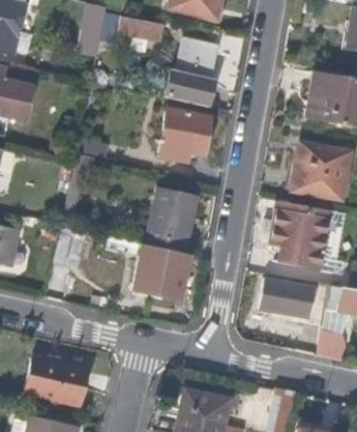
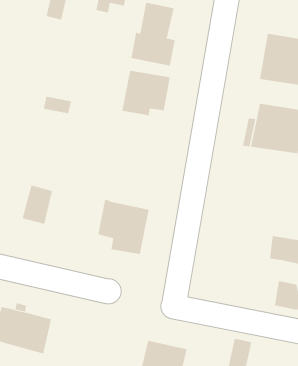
building: [146,189,198,254] -> none
building: [268,199,331,268] -> none
building: [260,280,326,322] -> none

